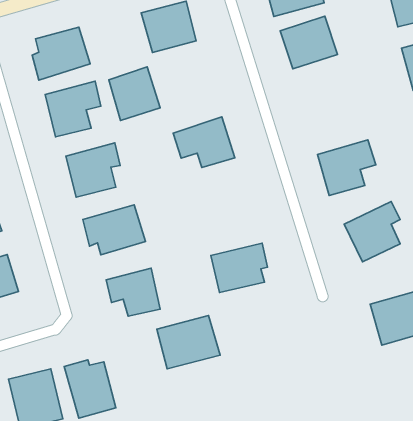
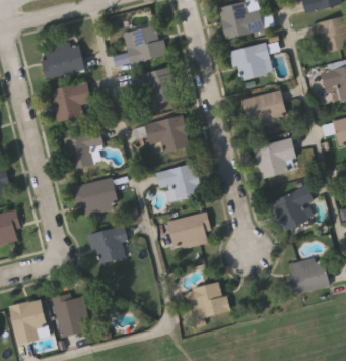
building: [109,67,160,121] -> [139,67,177,107]
building: none -> [241,91,286,127]
building: none -> [155,164,201,201]
building: [157,316,220,369] -> [183,282,229,320]

